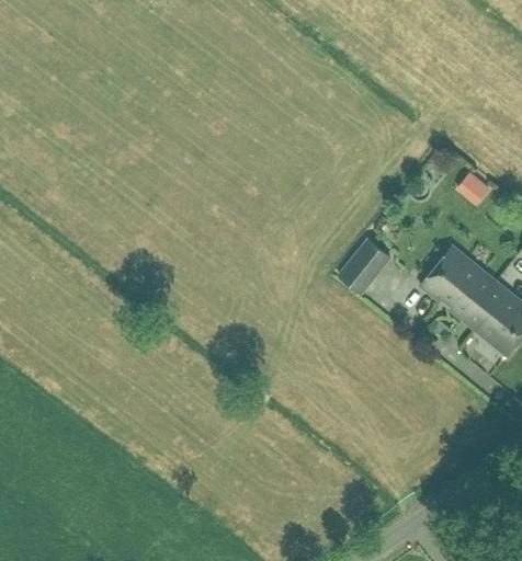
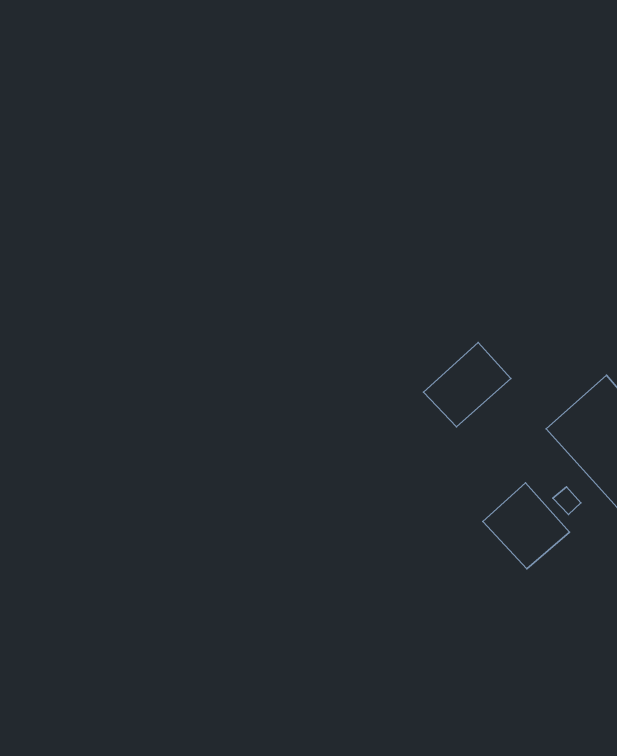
building: none -> [483,483,569,569]

